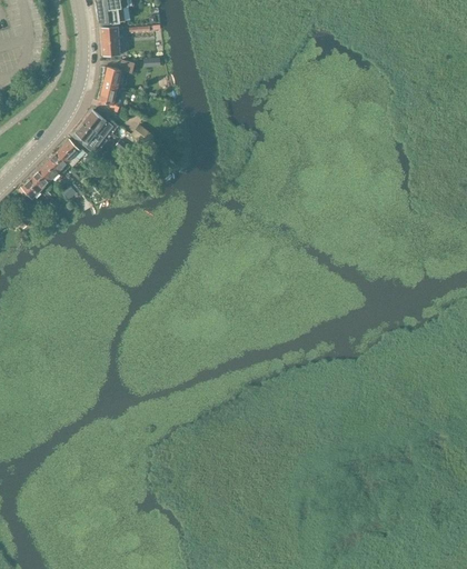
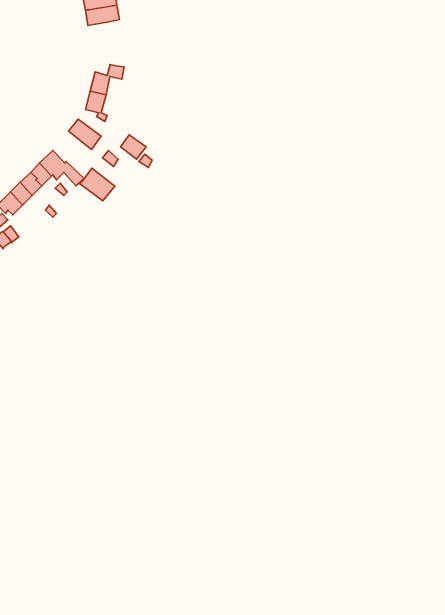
building: [101,26,120,56] -> none
building: [72,121,105,151] -> [80,168,115,201]

